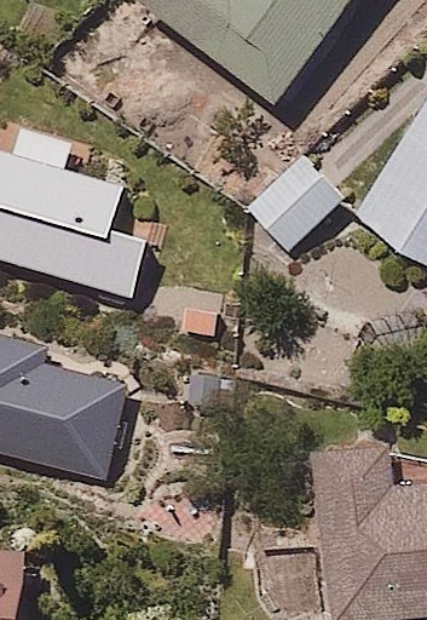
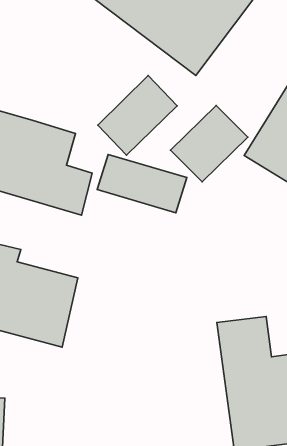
building: none -> [98,76,177,155]
building: none -> [97,154,187,213]

